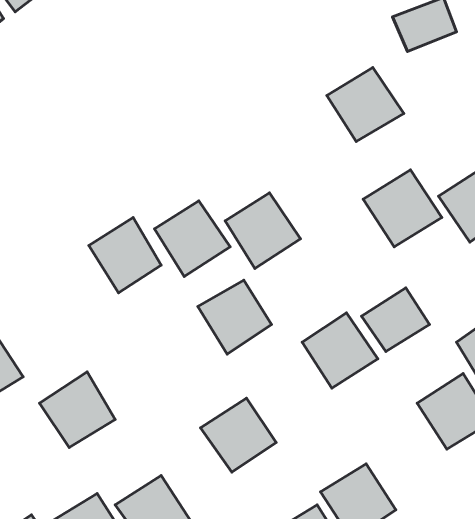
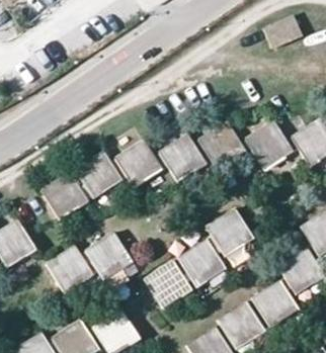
building: [327,68,404,142] -> [198,122,246,168]
building: none -> [40,172,88,218]
building: [198,280,272,354] -> [179,241,225,286]
building: [362,288,430,352] -> none
building: none -> [85,234,131,279]
building: none -> [253,280,300,327]

